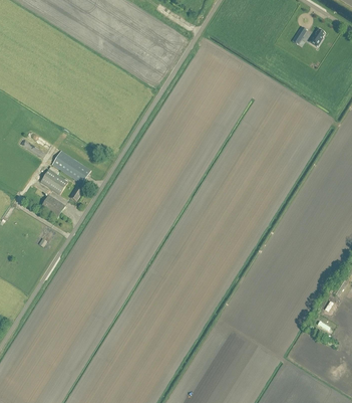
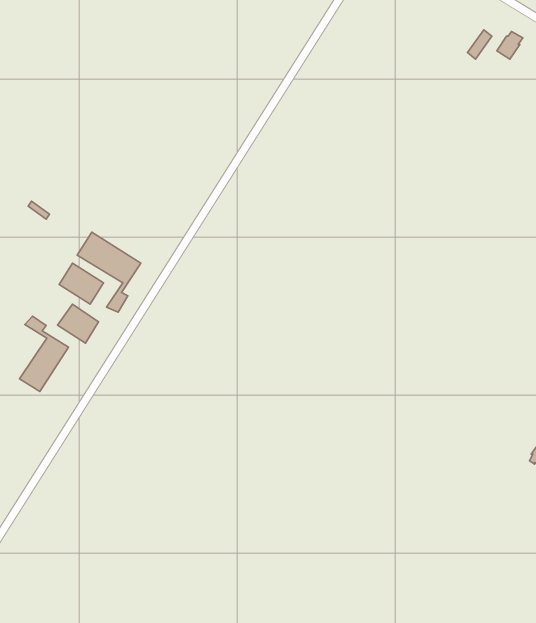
building: none -> [20,316,68,391]

